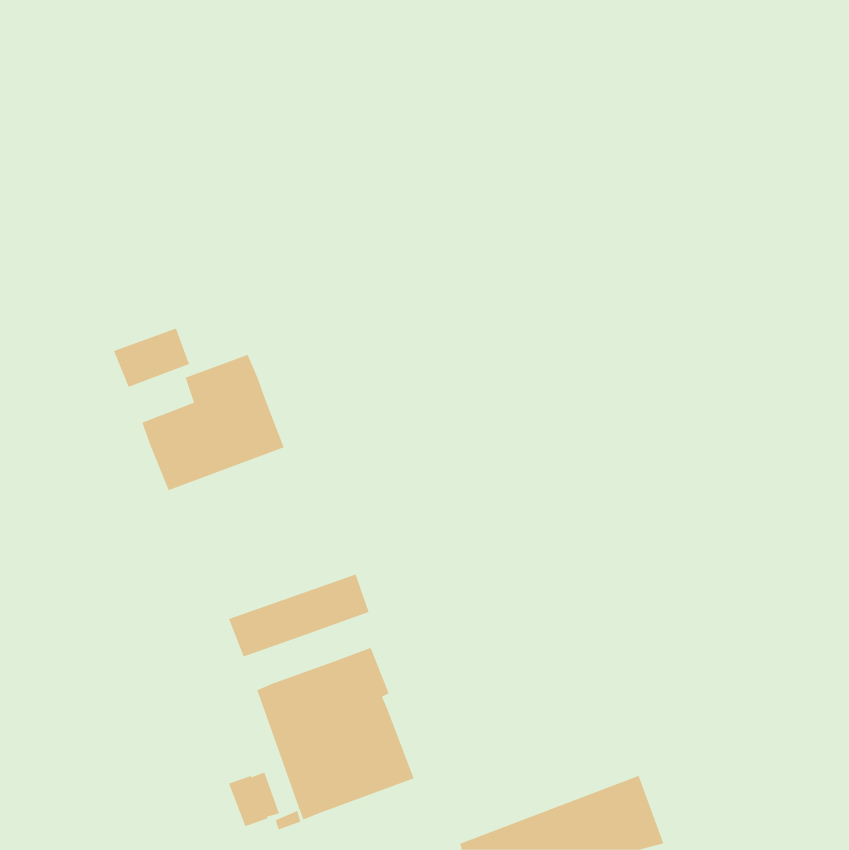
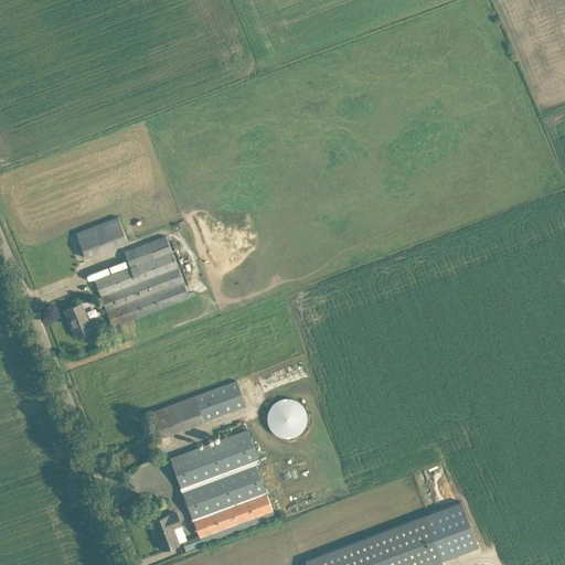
building: none -> [64,302,98,337]
building: none -> [266,398,303,436]
building: none -> [424,501,477,559]

